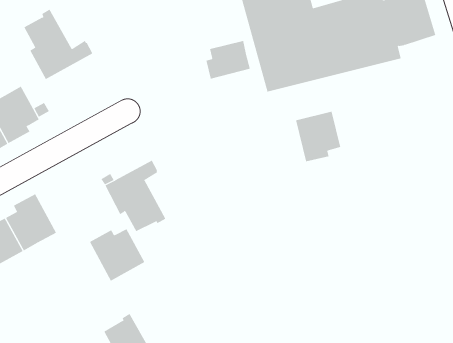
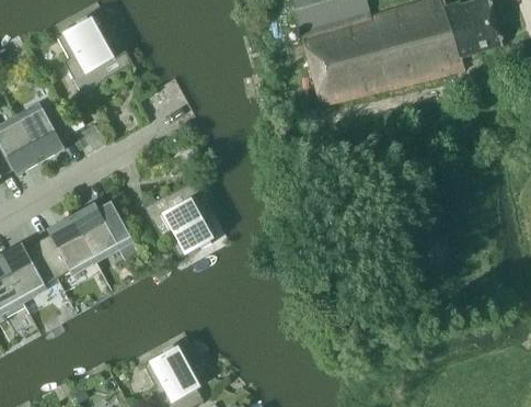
building: [206,40,251,79] -> none
building: [295,111,341,162] -> none
building: [89,229,145,281] -> [71,201,131,258]

